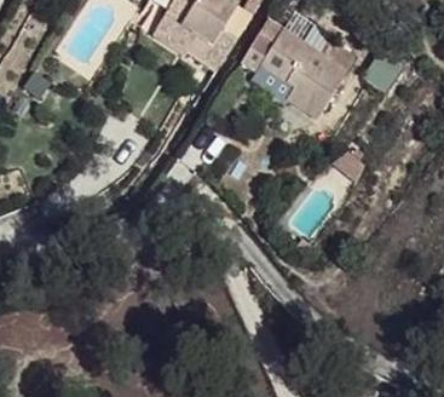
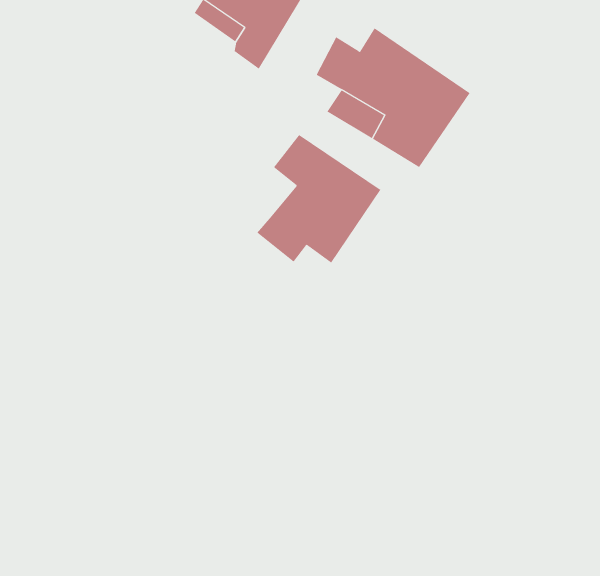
building: none -> [257,134,381,263]

